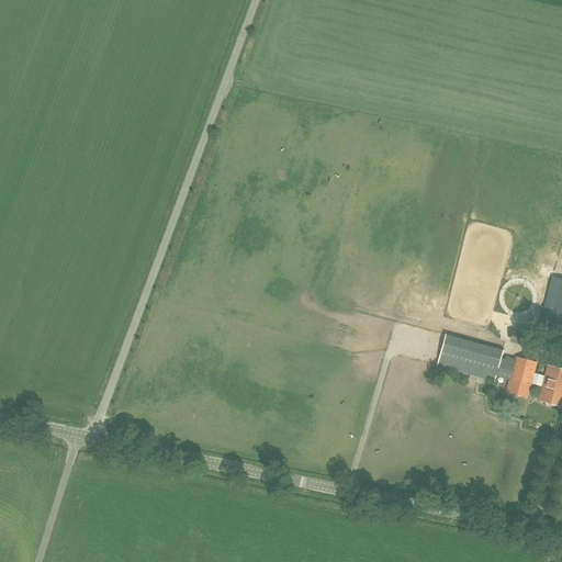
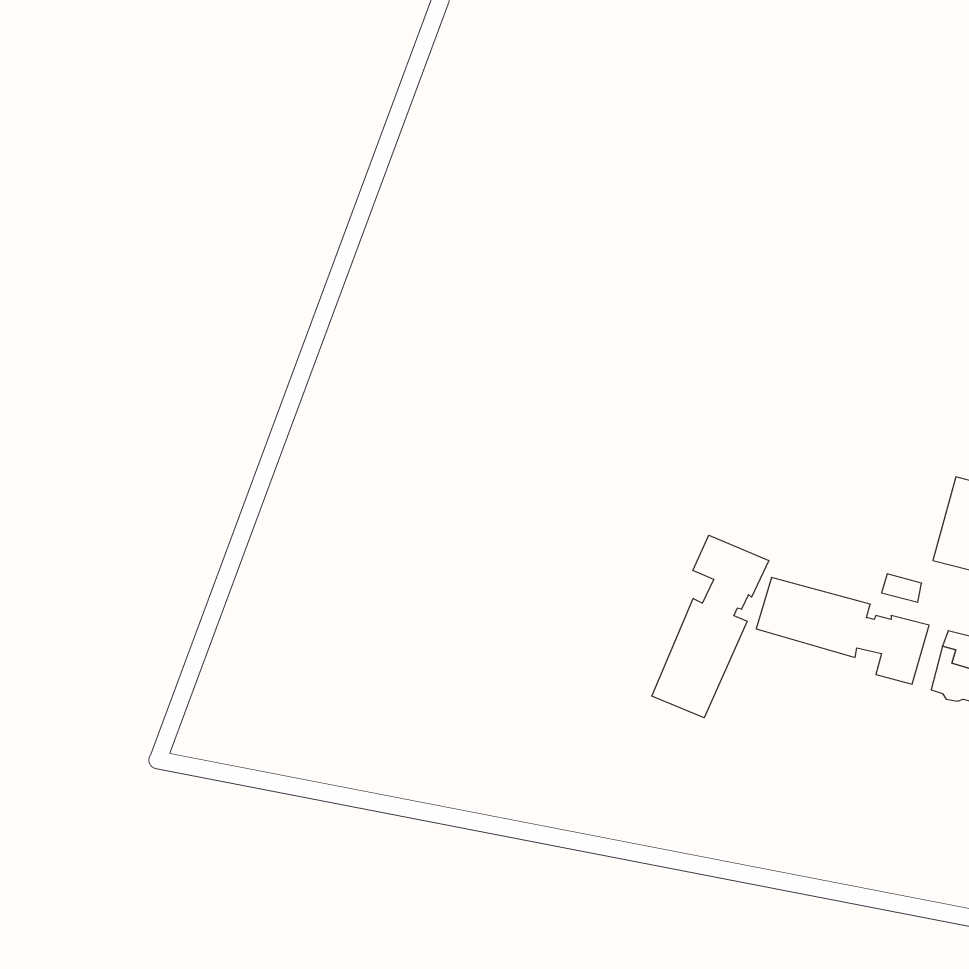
building: none -> [652,535,769,718]

